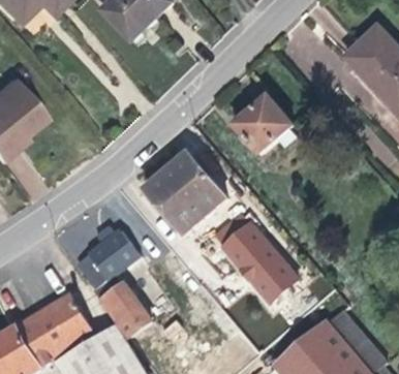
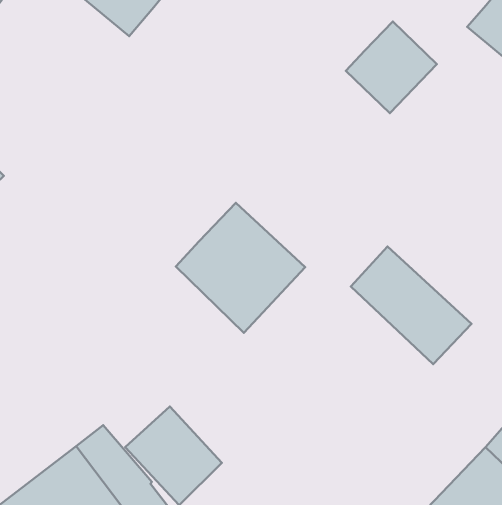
building: [233,95,290,153] -> [346,21,437,113]
building: [222,223,296,301] -> [351,246,471,364]
building: [76,228,140,287] -> none

